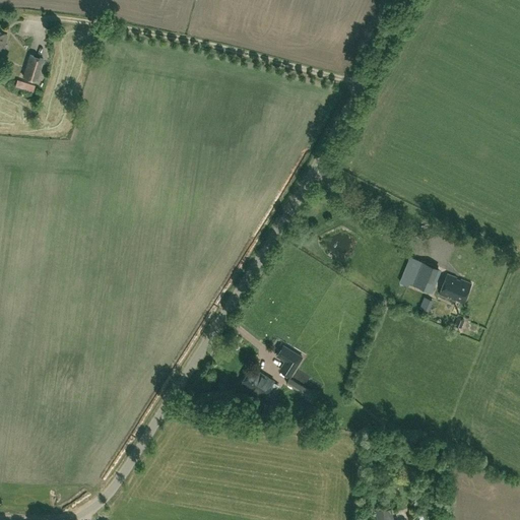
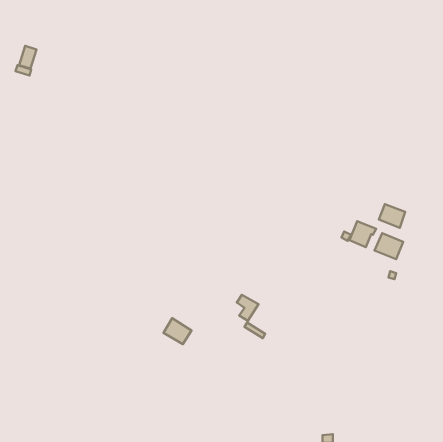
building: none -> [379,204,405,228]
building: [242,368,274,398] -> [164,318,191,344]

